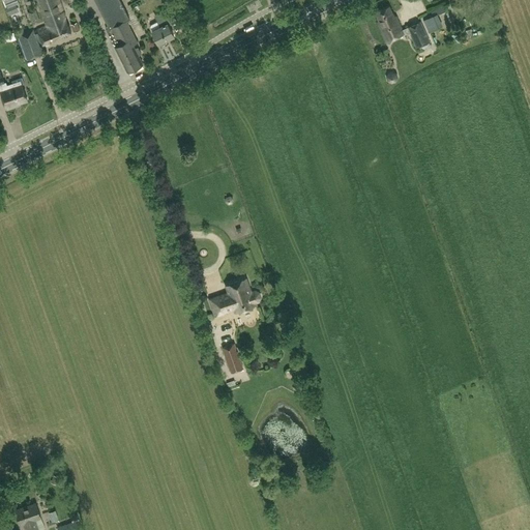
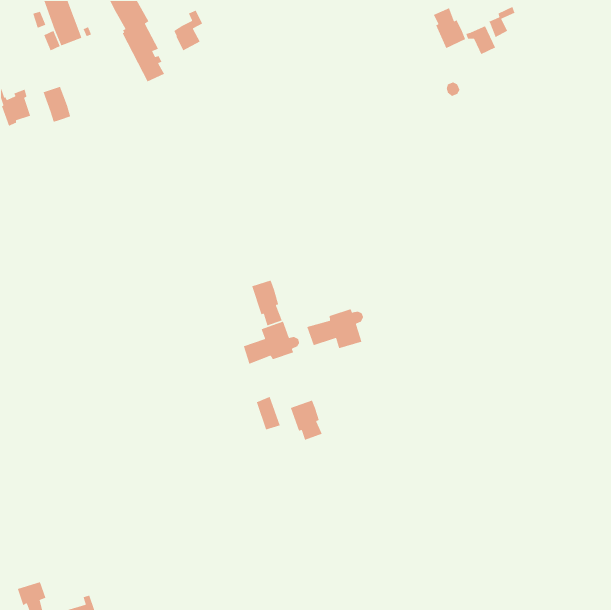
building: [19,30,43,62] -> [43,86,71,123]
building: none -> [251,279,283,326]
building: none -> [306,308,364,349]
building: none -> [290,400,323,441]

